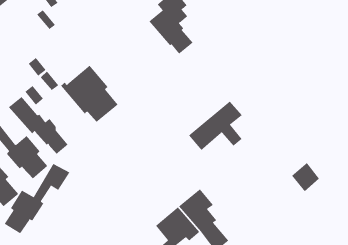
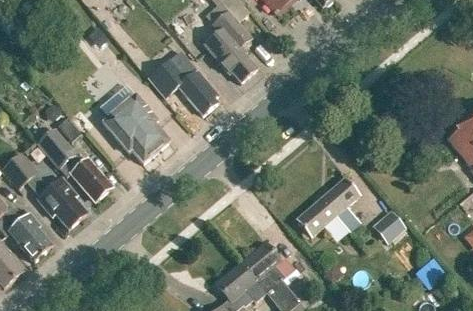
building: none -> [150,50,217,113]
building: [188,101,243,151] -> [296,177,360,236]
building: [4,163,70,234] -> none

